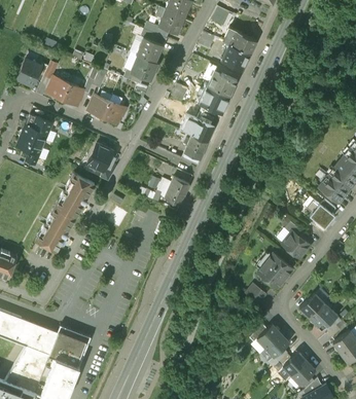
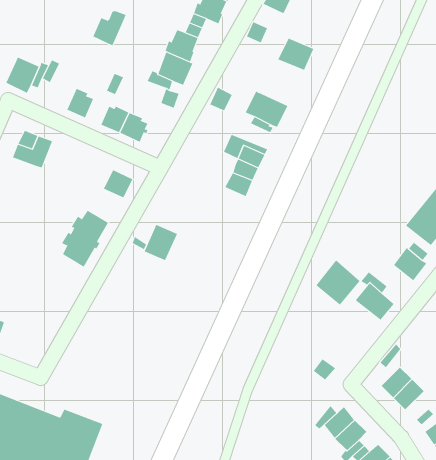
building: [223,29,255,53] -> none
building: [207,71,237,97] -> none
building: [46,73,72,100] -> [93,11,127,46]
building: [16,136,43,165] -> none
building: [164,178,189,206] -> [144,224,178,261]
building: [35,207,75,253] -> none
building: [257,253,291,288] -> [316,259,360,306]

